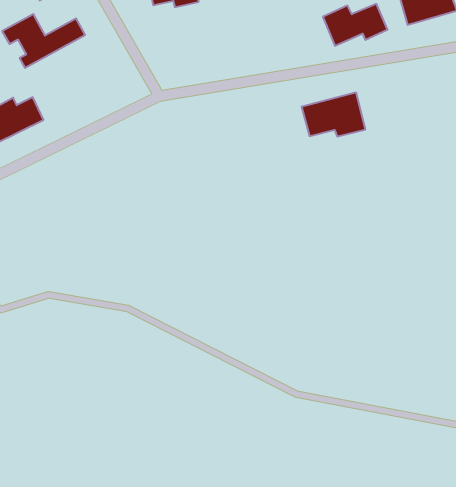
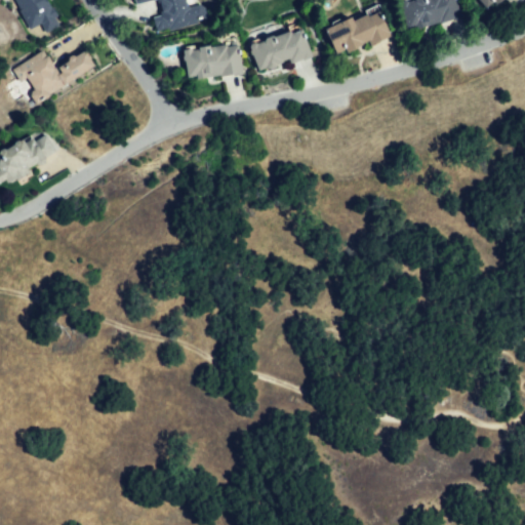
building: none -> [186,42,245,79]
building: [302,93,365,136] -> [250,26,316,73]

